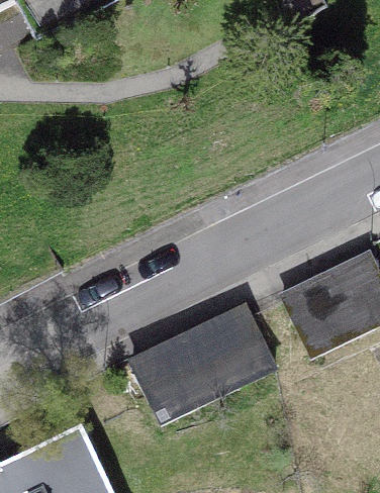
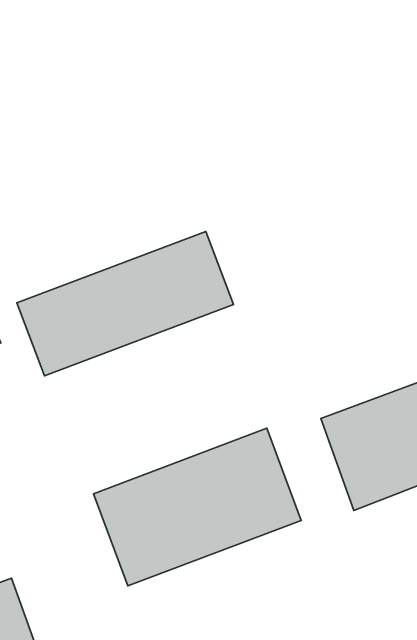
building: none -> [17,232,234,376]

